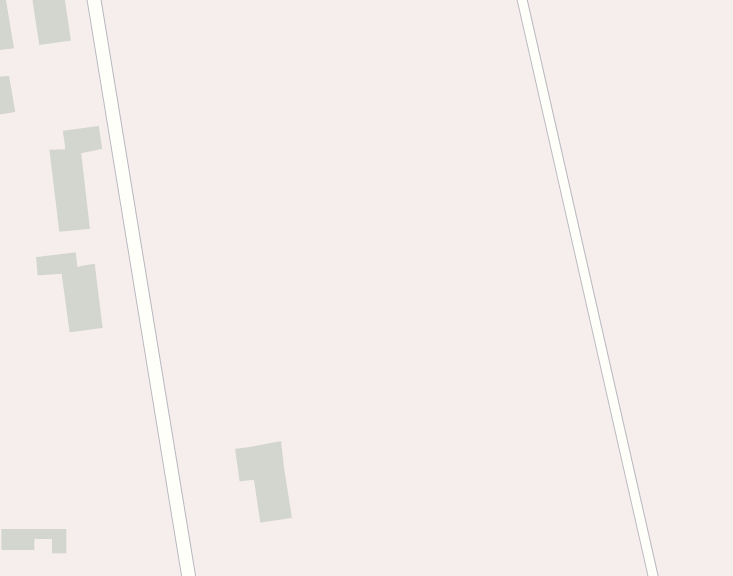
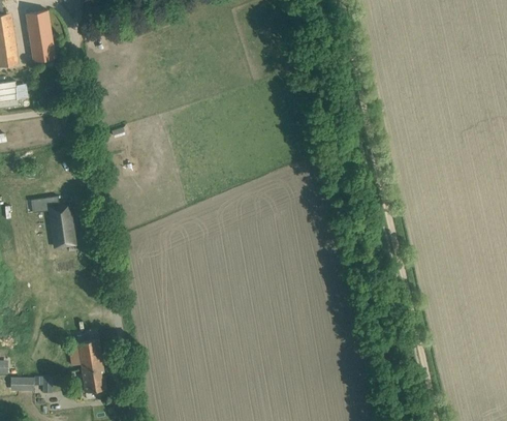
building: [49,125,103,233] -> none
building: [234,440,293,523] -> [68,339,106,393]

